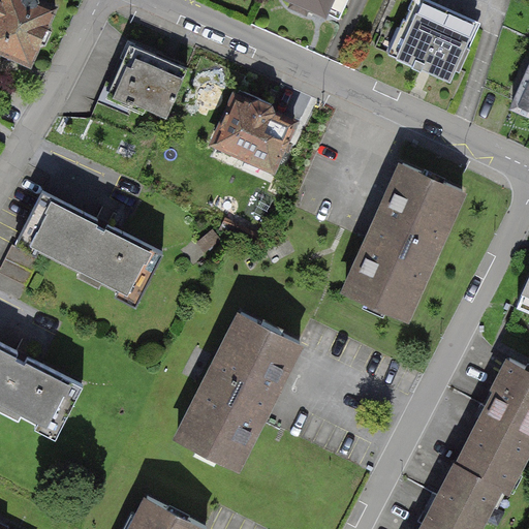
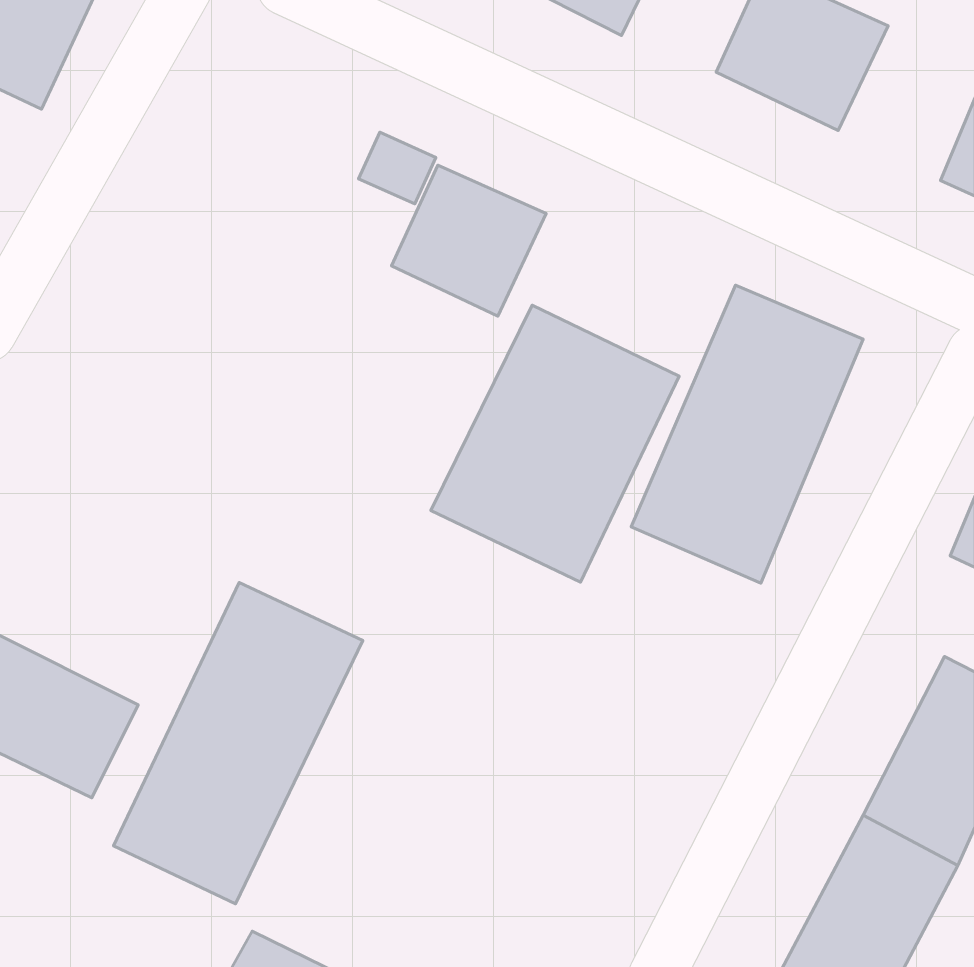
building: [108,45,188,119] -> none
building: none -> [431,305,679,582]
building: [14,189,164,303] -> none
building: [166,316,300,488] -> [114,583,363,904]

